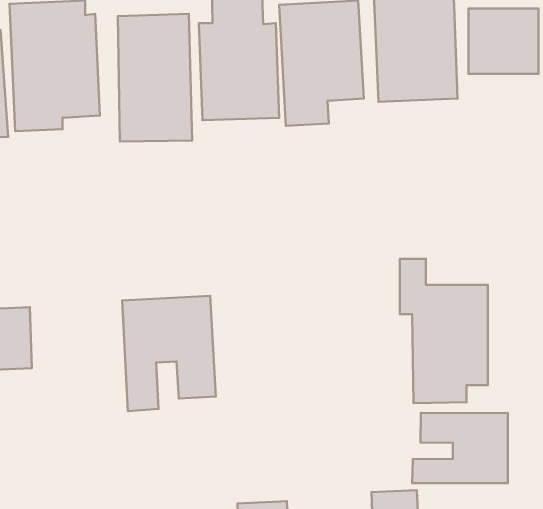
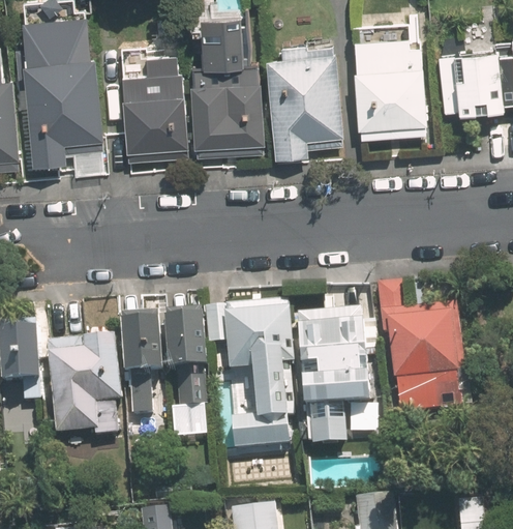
building: none -> [209,302,289,448]
building: none -> [299,303,371,450]
building: none -> [47,339,121,439]
building: [412,413,508,483] -> none

